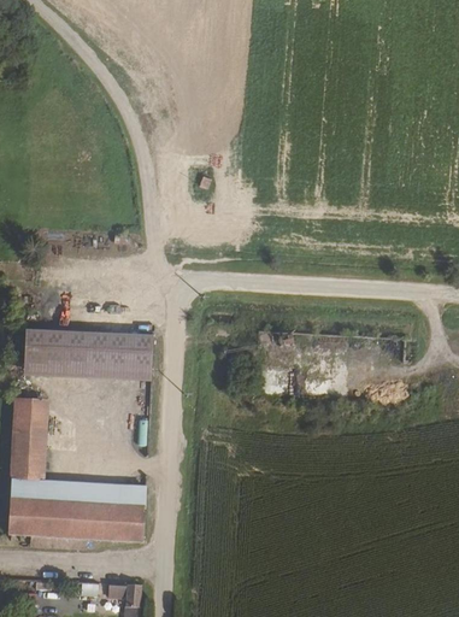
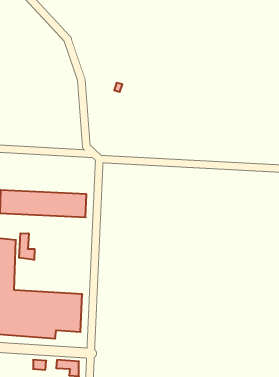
building: none -> [19,233,35,260]

